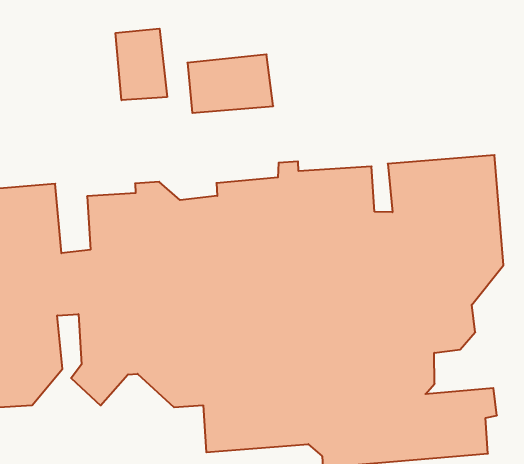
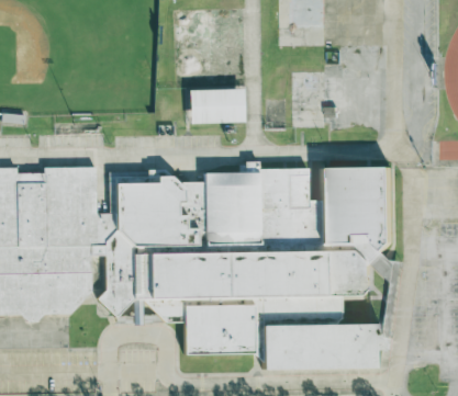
building: [116,29,167,100] -> none

